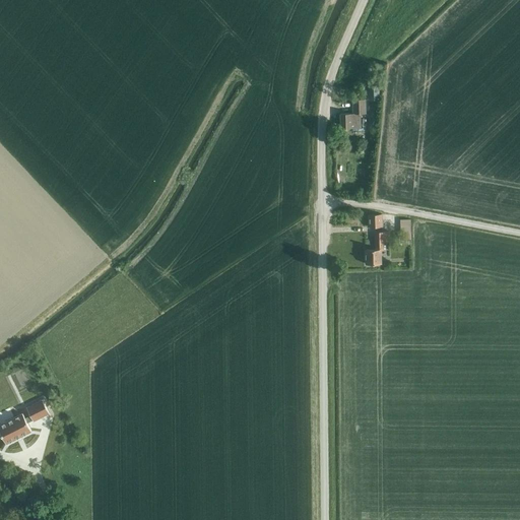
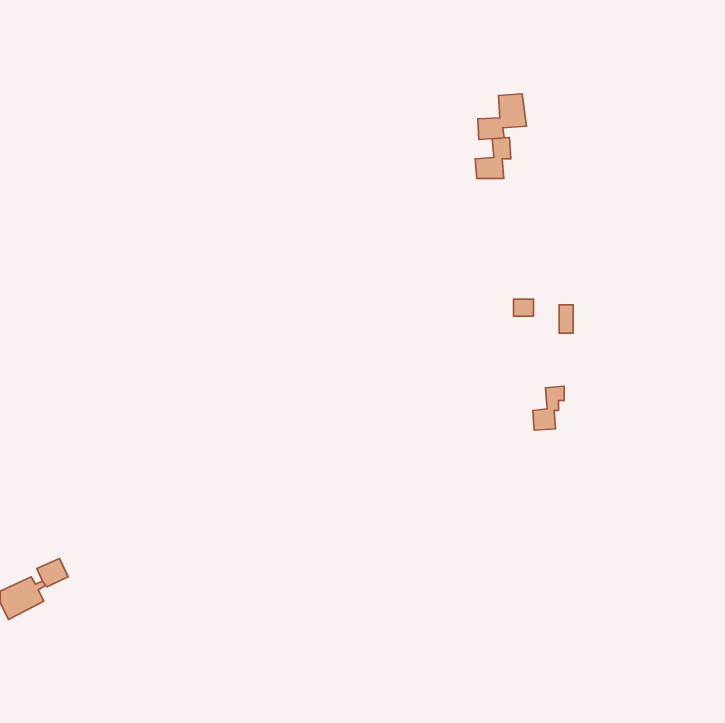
building: none -> [478,94,527,140]
building: [365,234,387,265] -> [533,386,564,430]

